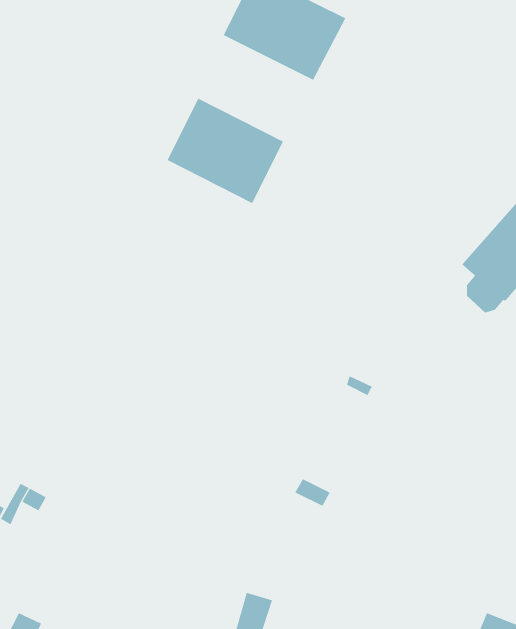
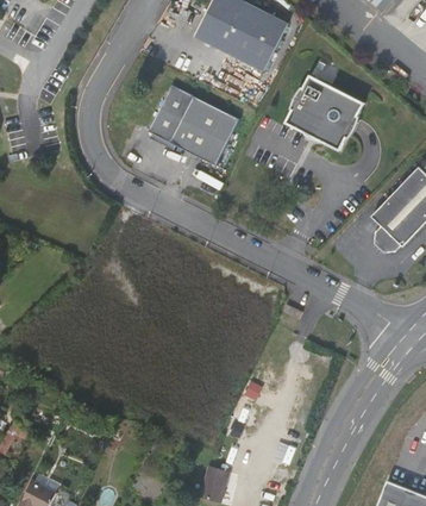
building: none -> [286,68,363,144]

